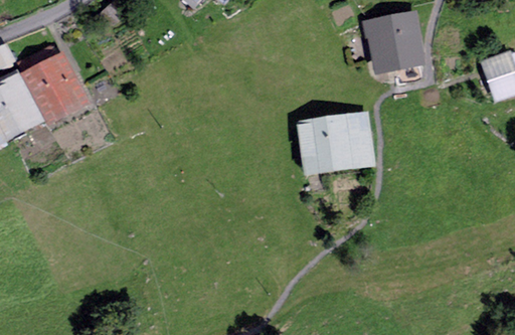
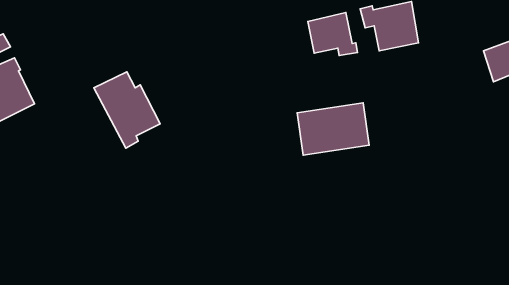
building: none -> [308,13,357,55]
building: [18,48,84,125] -> [94,72,160,148]

